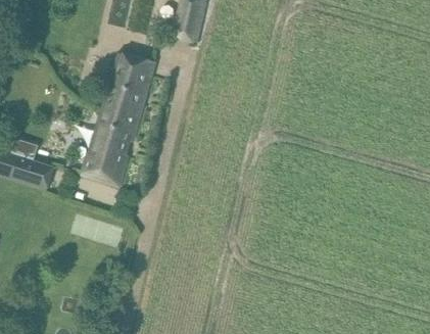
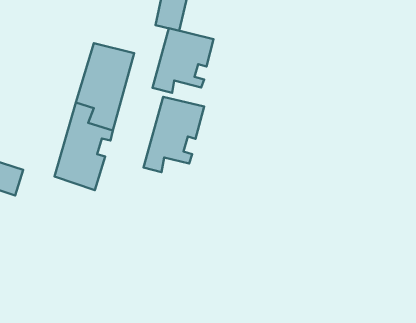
building: none -> [153,28,214,93]
building: none -> [144,97,204,172]

